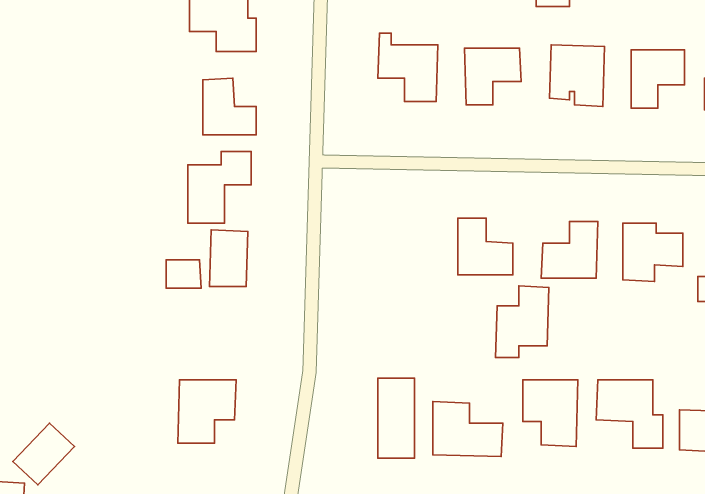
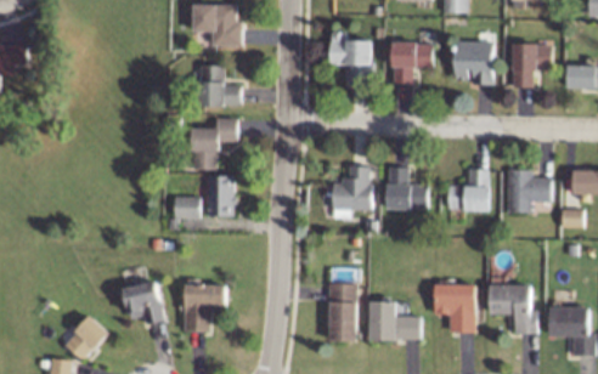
building: [495,286,549,358] -> [332,165,371,217]
building: none -> [122,280,163,324]

